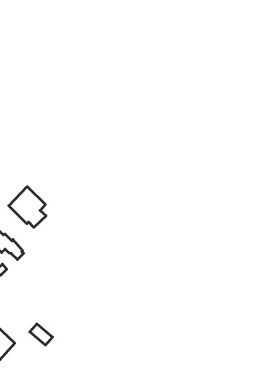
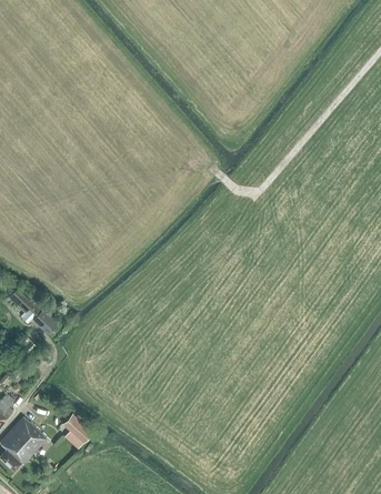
building: [9,187,46,227] -> none

